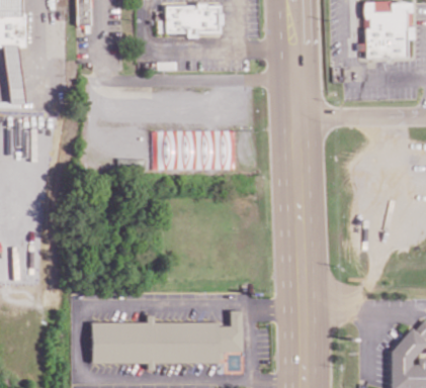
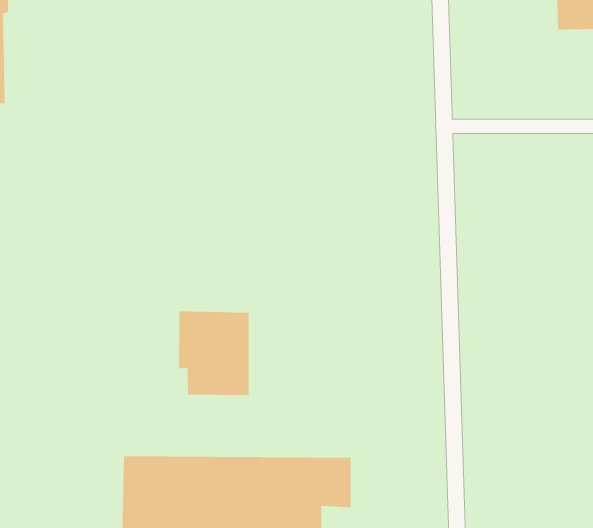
building: none -> [178,310,249,396]

